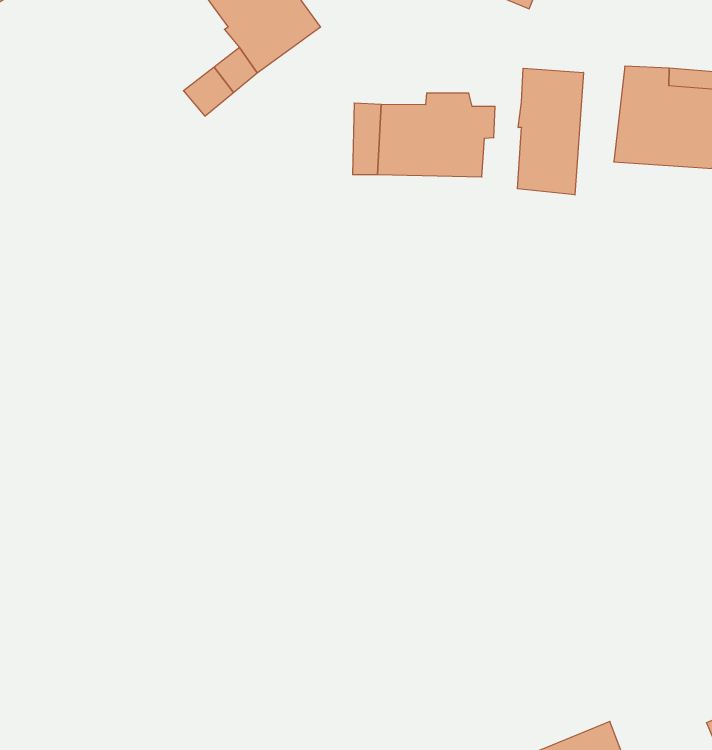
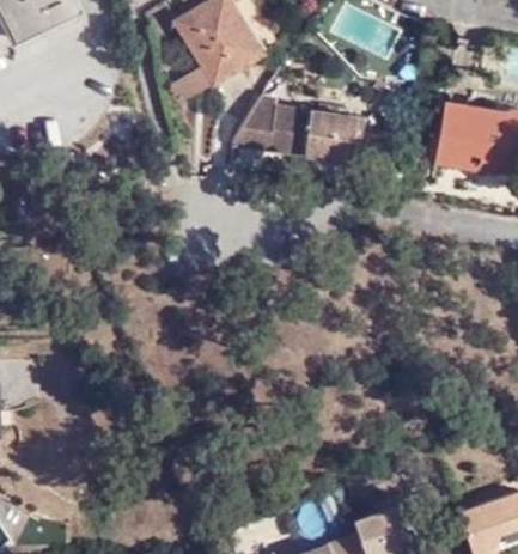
building: [517,68,583,195] -> none
building: none -> [231,97,273,151]

